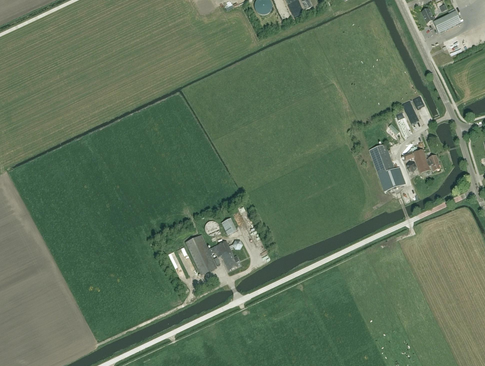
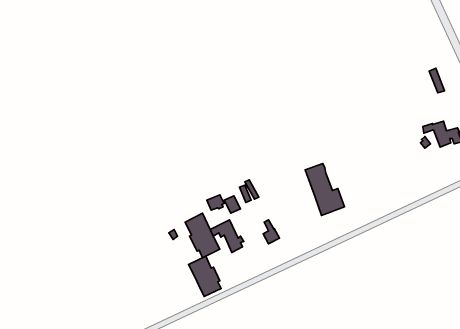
building: [369,143,405,191] -> [305,163,344,216]
building: none -> [188,256,221,297]

